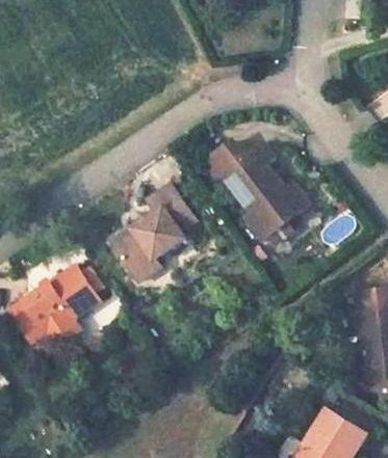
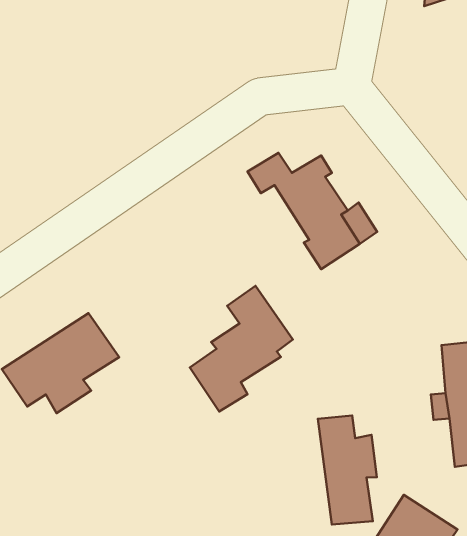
building: [117,184,197,281] -> [190,286,293,411]
building: none -> [318,415,377,525]

